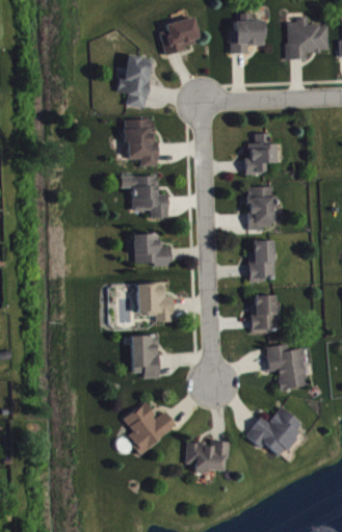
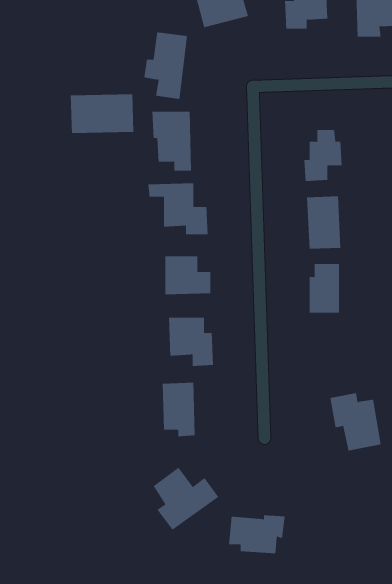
building: none -> [70,94,134,134]
building: [251,295,275,332] -> none
building: [244,406,304,456] -> none

